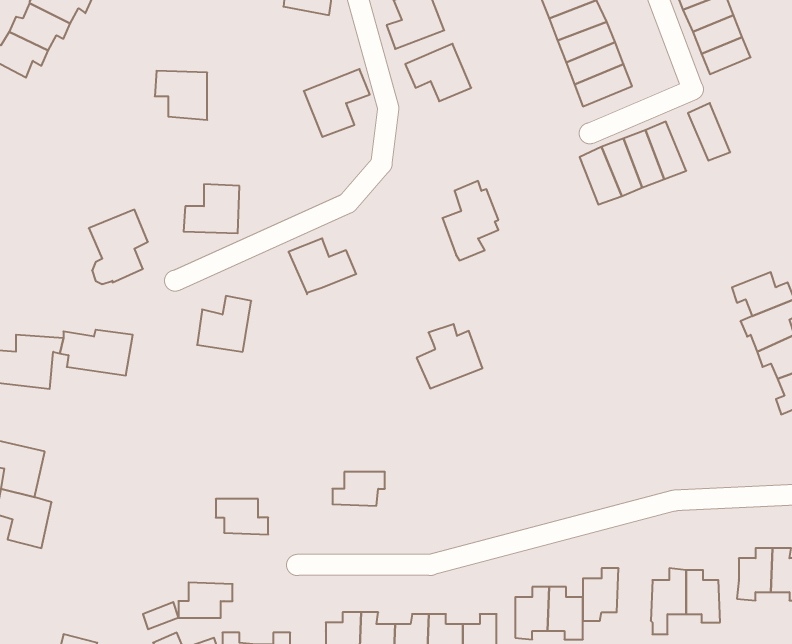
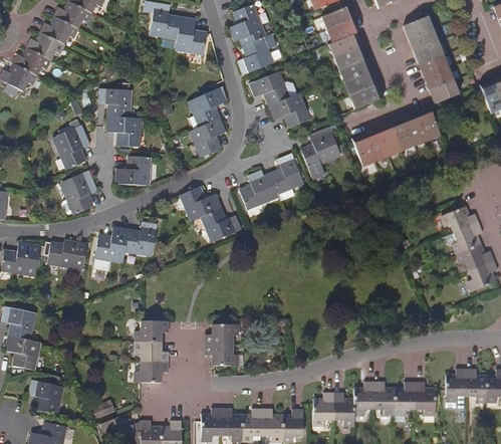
building: none -> [430,79,460,103]
building: none -> [269,94,309,128]
building: none -> [404,113,429,147]
building: none -> [108,115,142,145]
building: none -> [190,120,225,156]
building: none -> [54,124,90,167]
building: none -> [301,127,340,176]
building: none -> [200,208,240,242]
building: none -> [93,227,129,270]
building: [417,324,483,388] -> [240,171,279,209]
building: none -> [137,321,169,342]
building: none -> [206,345,243,366]
building: none -> [28,381,62,415]
building: none -> [374,383,396,414]
building: [178,582,233,618] -> [136,362,168,383]

